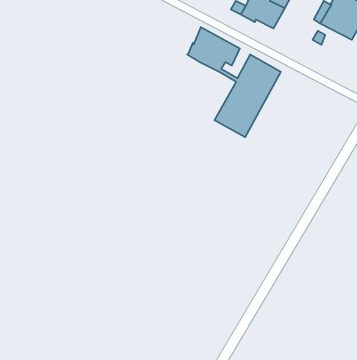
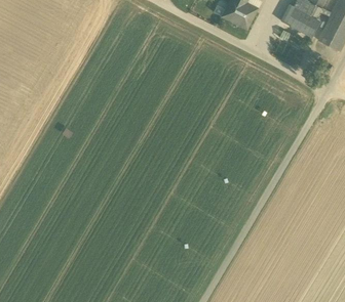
building: [187,27,281,137] -> none

